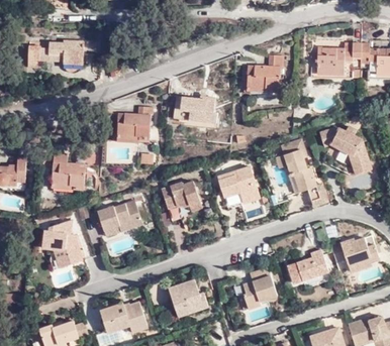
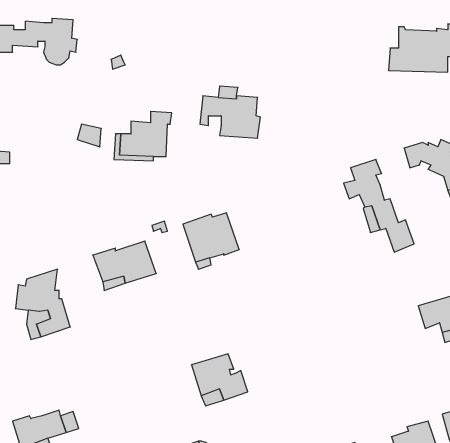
building: [246,54,281,95] -> none
building: [52,152,97,191] -> none
building: [217,166,260,207] -> none
building: [288,250,328,282] -> none
building: [240,268,275,309] -> none
building: [99,302,148,333] -> none

